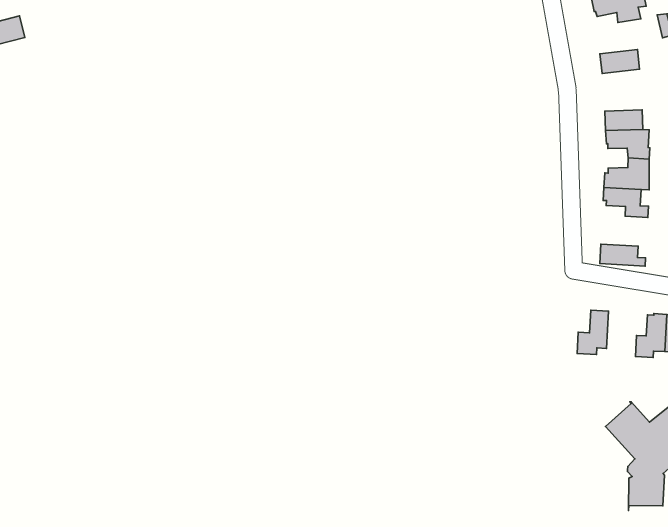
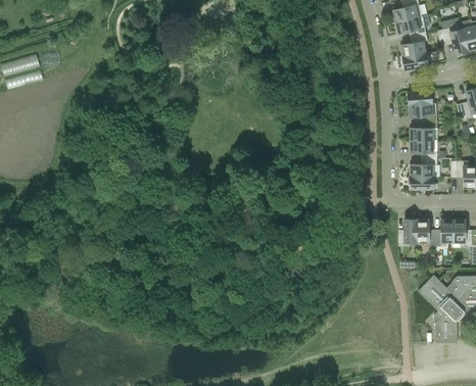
building: none -> [401,33,428,56]
building: none -> [410,157,438,176]
building: none -> [417,218,435,245]

